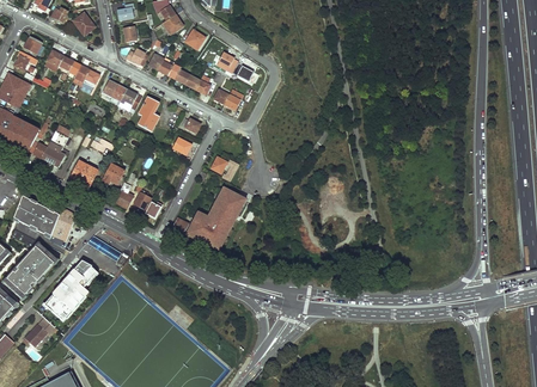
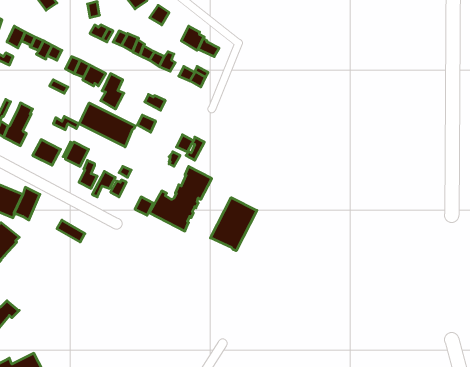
building: none -> [79,103,135,147]
building: none -> [210,198,257,251]
building: [44,259,97,319] -> none

